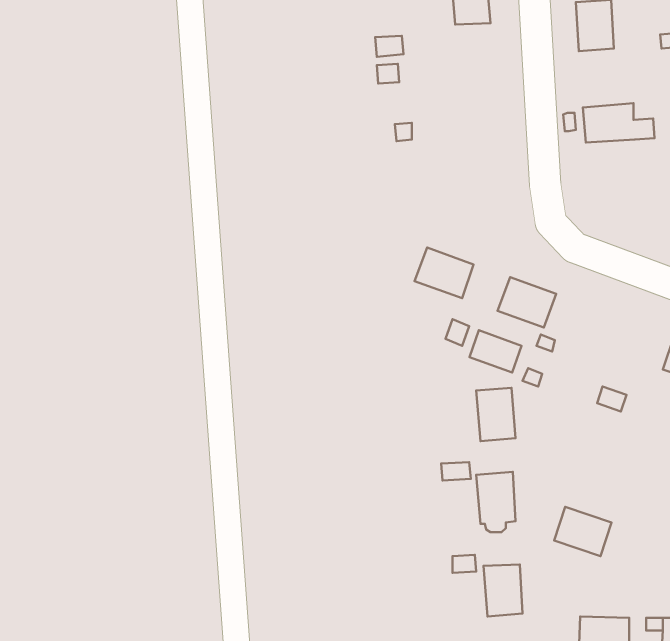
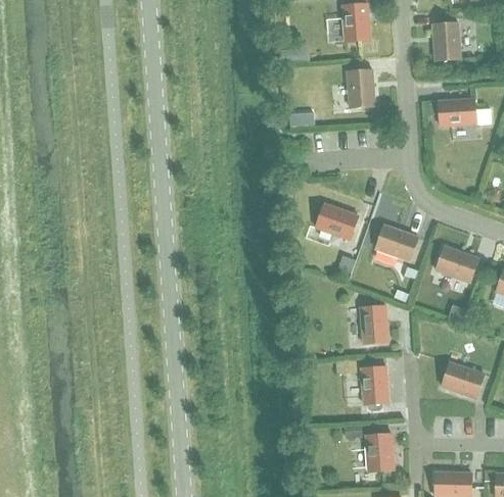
building: none -> [347,69,374,107]
building: none -> [436,246,478,283]
building: [469,330,522,373] -> none
building: [554,507,612,556] -> [442,362,484,398]

